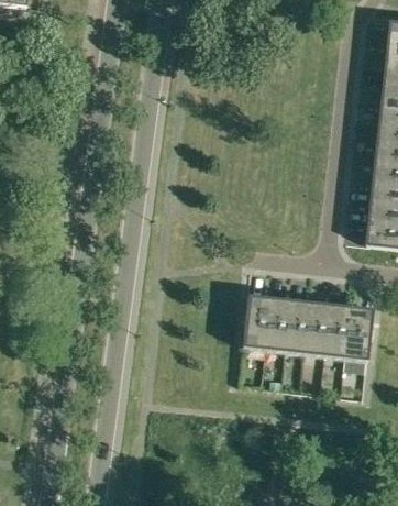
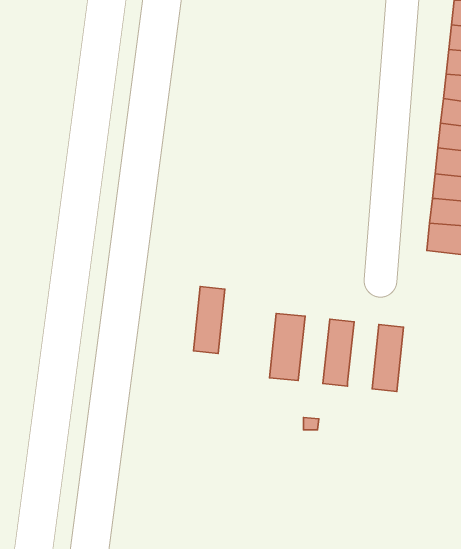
building: [265,297,290,351] -> [193,286,225,353]
building: [305,301,330,355] -> none
building: [344,306,373,360] -> none

